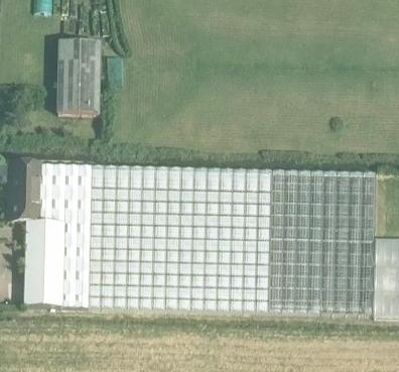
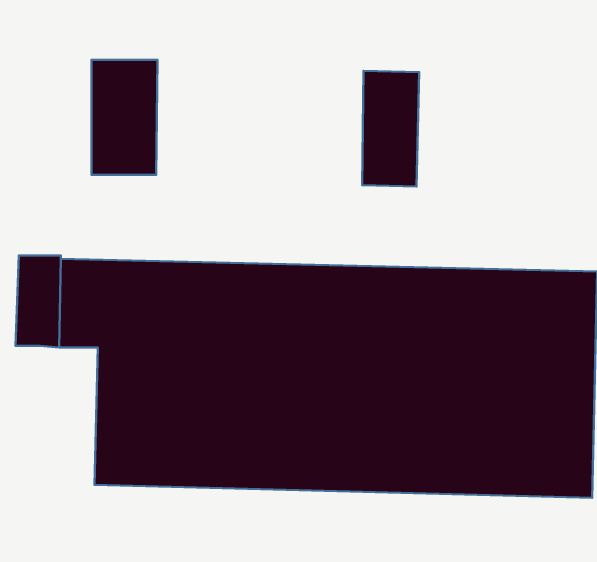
building: none -> [362,71,419,186]
building: [25,219,63,305] -> none

